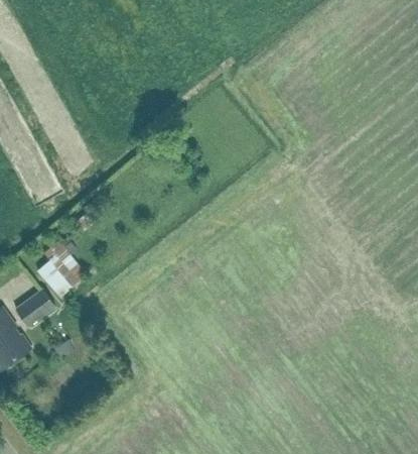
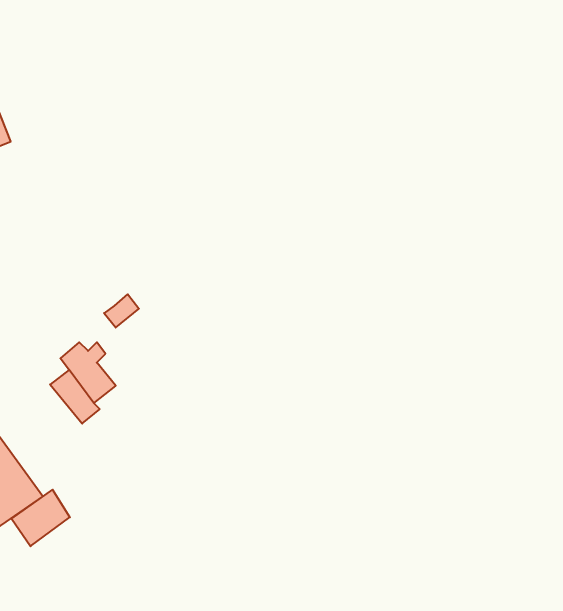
building: [13,289,53,328] -> [12,490,70,546]

